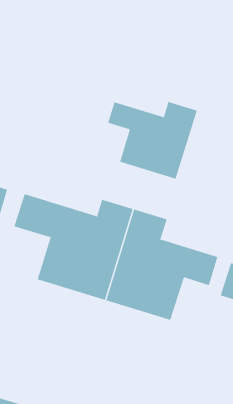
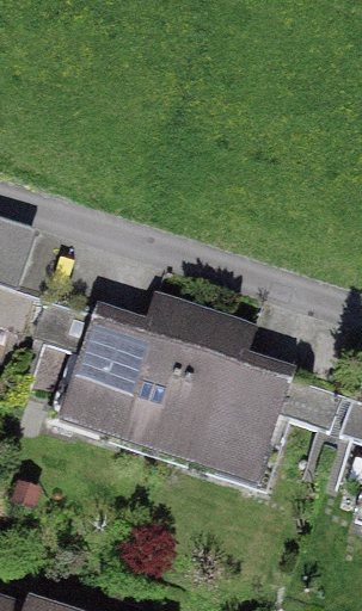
building: [107,101,197,180] -> none

